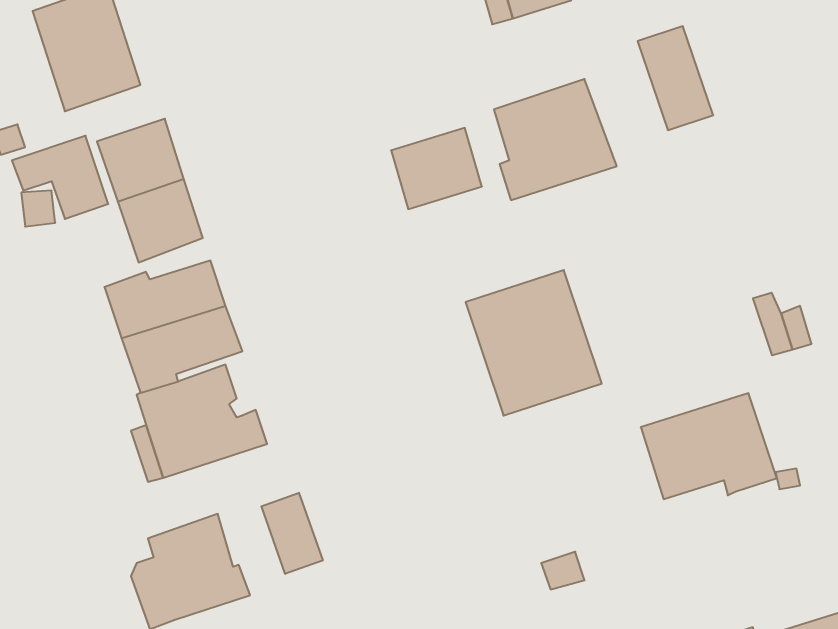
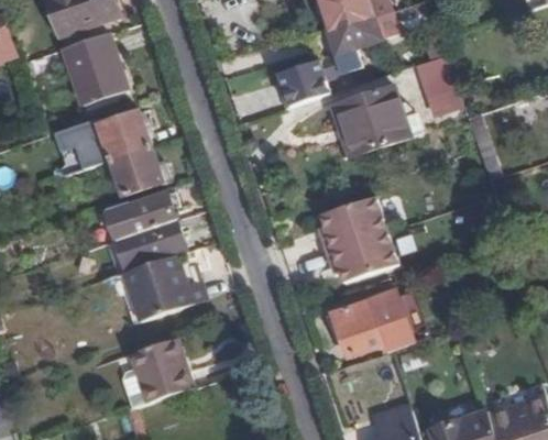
building: [391,128,482,209] -> [274,59,327,107]
building: [641,393,777,499] -> [332,292,412,353]
building: [261,493,323,574] -> none

